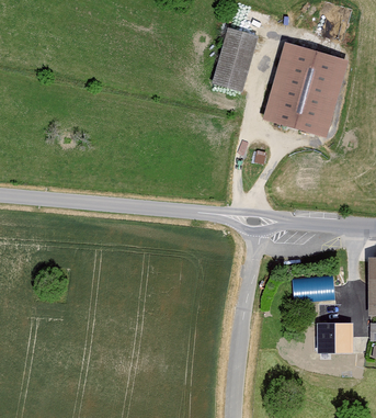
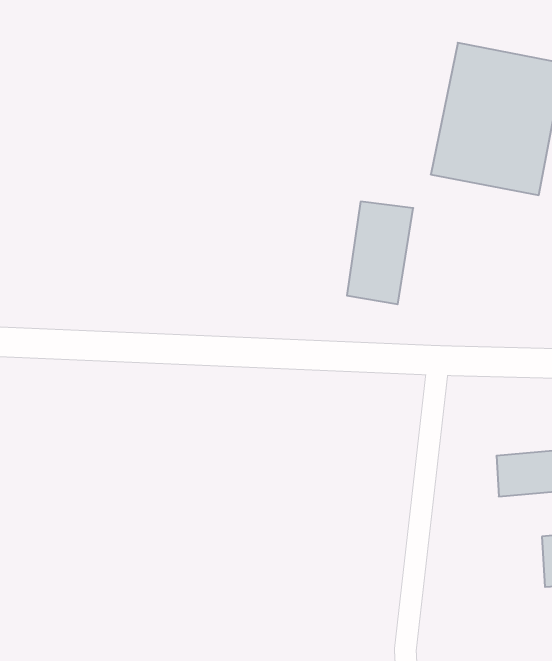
building: [216,29,257,88] -> [347,202,413,304]

